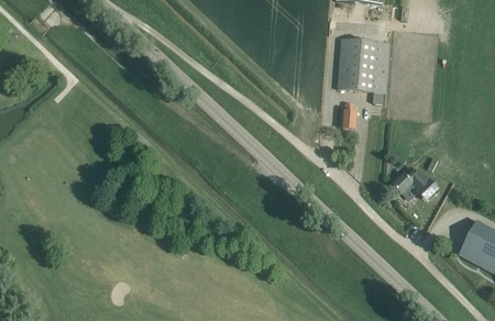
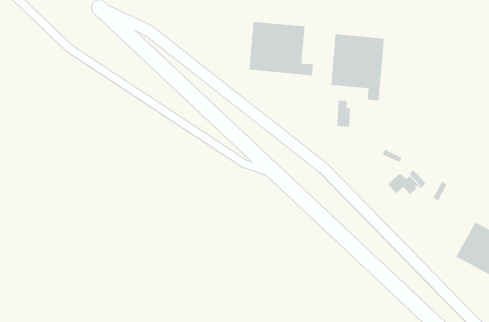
building: none -> [249,21,313,76]

